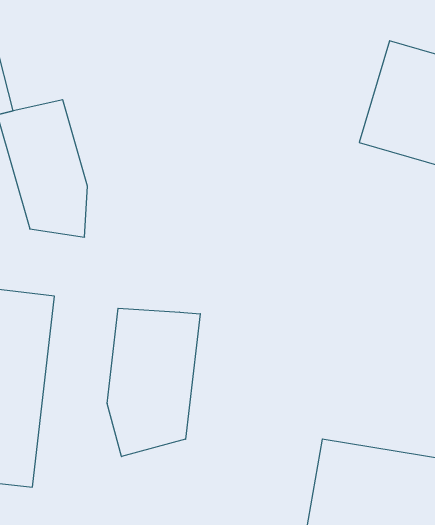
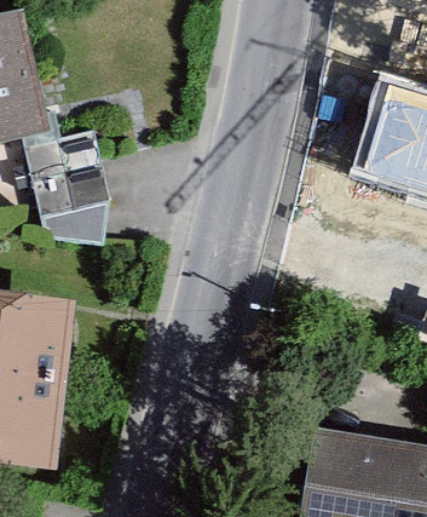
building: [107,308,200,457] -> none

